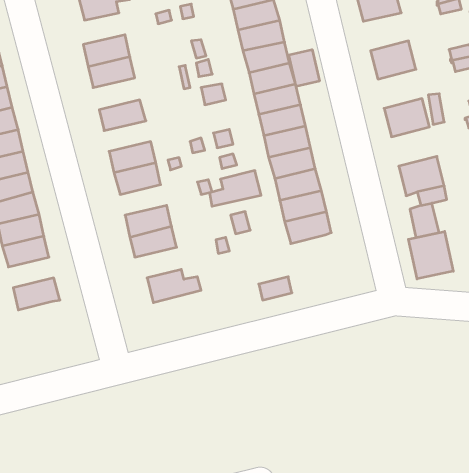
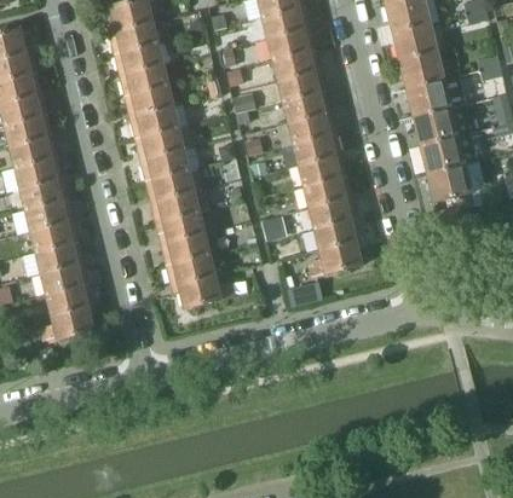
building: none -> [109,22,156,53]
building: none -> [391,22,436,59]
building: [289,50,319,86] -> none
building: none -> [405,77,449,116]
building: none -> [125,86,171,117]
building: none -> [136,128,181,158]
building: none -> [419,134,463,173]
building: [209,171,261,206] -> [309,241,359,276]
building: none -> [151,191,197,221]
building: [408,231,453,279] -> none
building: none -> [166,253,212,285]
building: none -> [41,262,86,293]
building: none -> [40,306,91,342]

